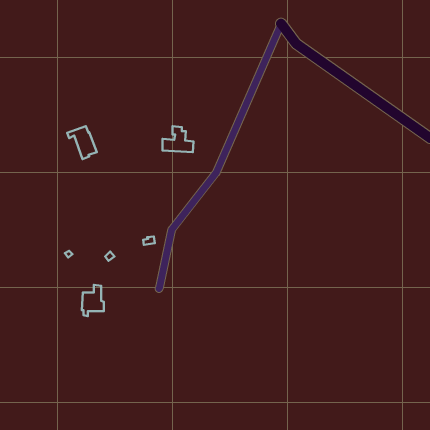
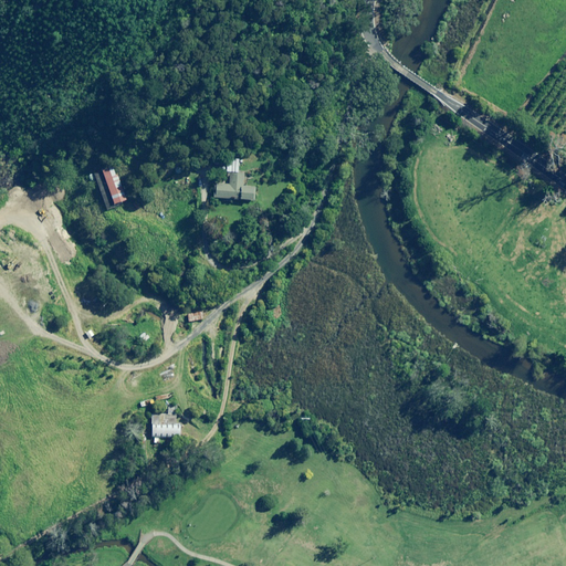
building: [82,285,104,316] -> [151,403,180,444]

